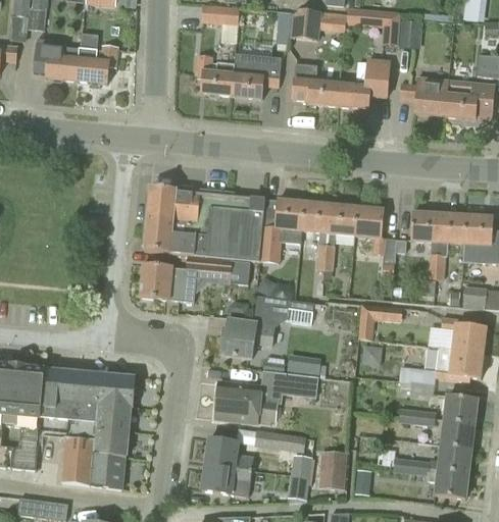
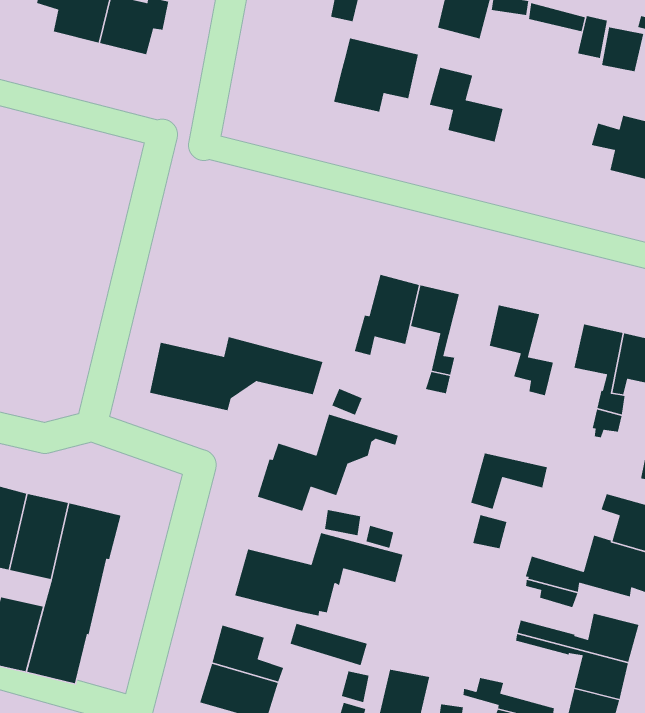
building: [195,54,234,95] -> none
building: [338,60,390,108] -> none
building: [146,187,265,260] -> none
building: [326,205,355,246] -> none

